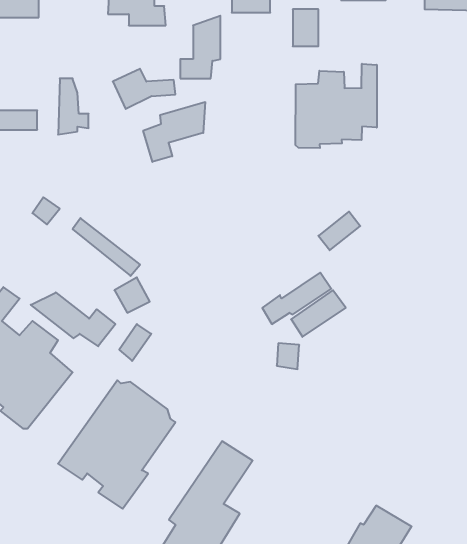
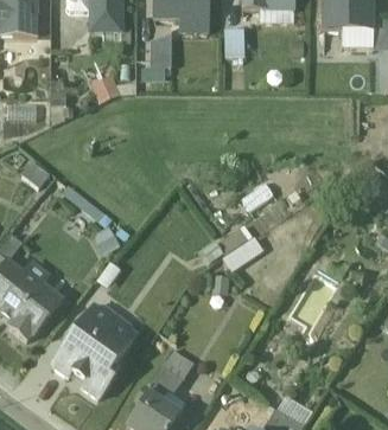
building: [296,64,377,148] -> none
building: [143,102,205,162] -> none
building: [31,292,115,346] -> none

